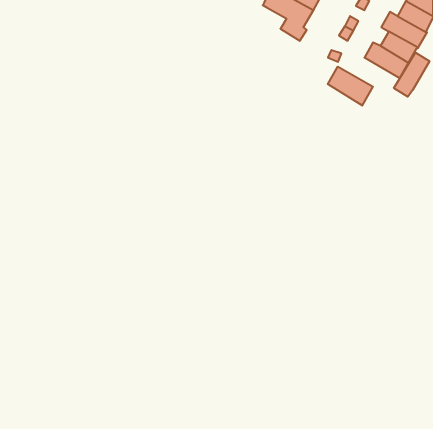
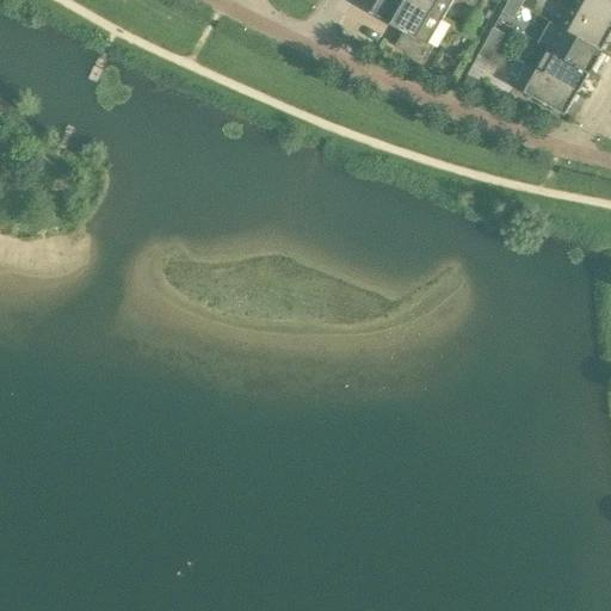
building: [394,52,429,97] -> none
building: [328,67,373,106] -> none

